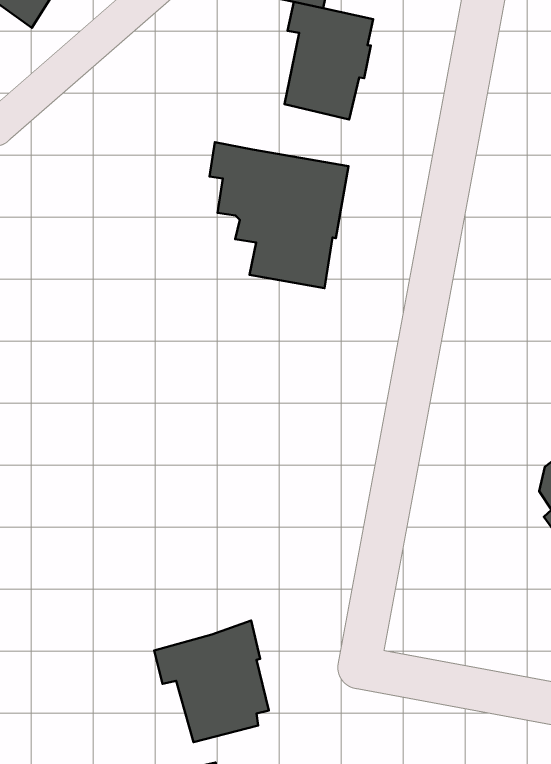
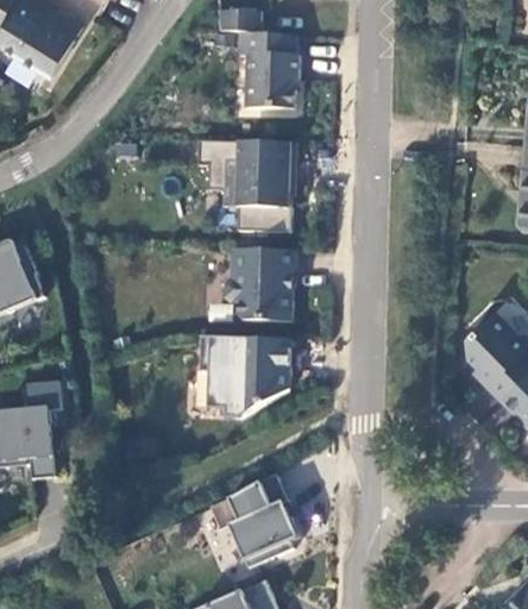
building: none -> [225,246,293,319]
building: none -> [209,334,290,416]

